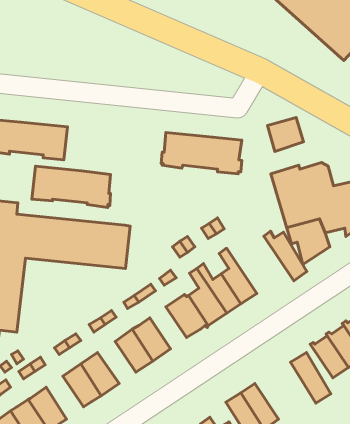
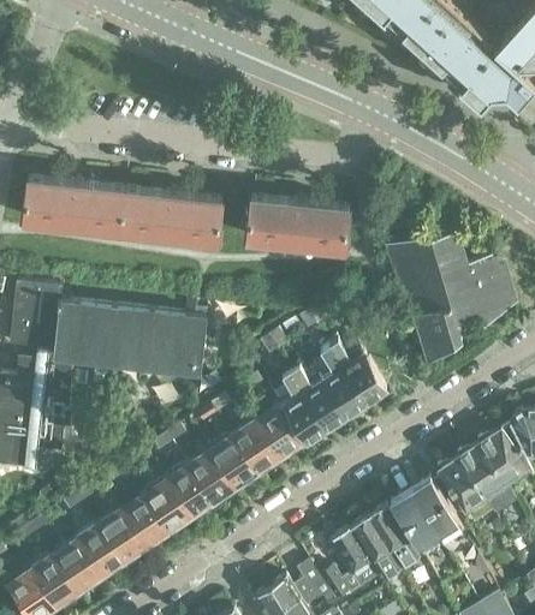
building: [267,117,304,151] -> none
building: [32,166,111,207] -> [119,191,220,244]
building: [264,231,307,281] -> [328,341,384,405]
building: none -> [230,422,277,476]
building: none -> [162,466,212,520]
building: none -> [390,492,442,557]
building: none -> [364,508,414,566]
building: none -> [96,510,144,566]

